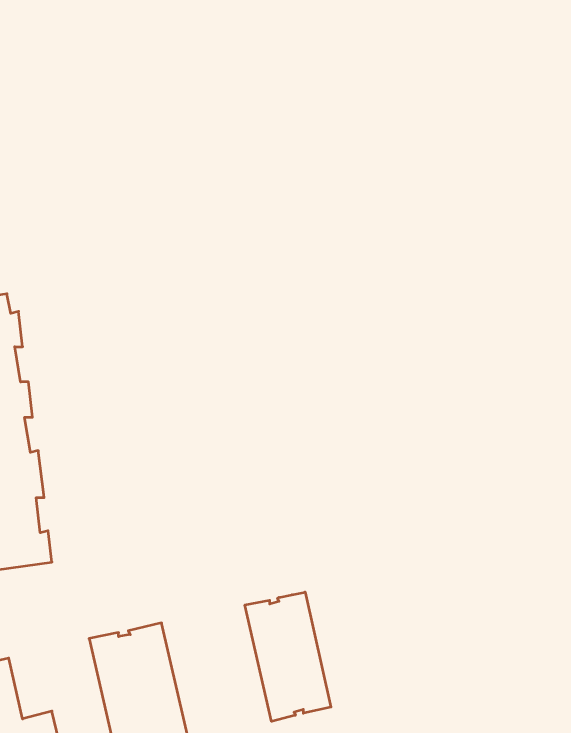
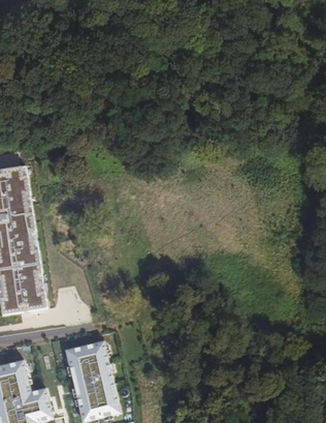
building: [245,592,331,721] -> none

